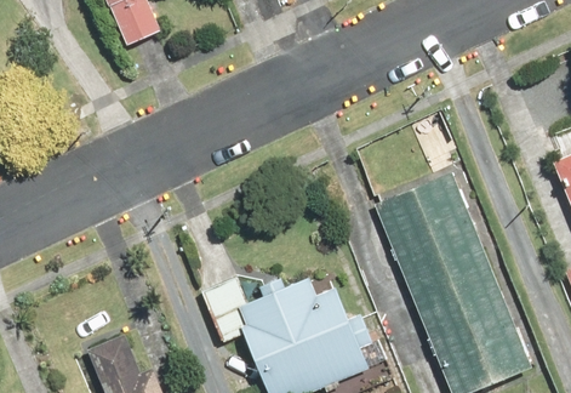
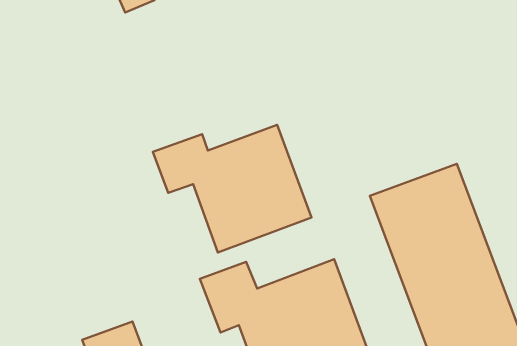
building: none -> [153,125,312,252]

